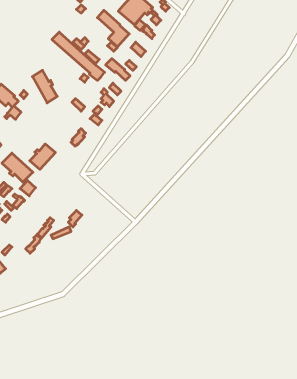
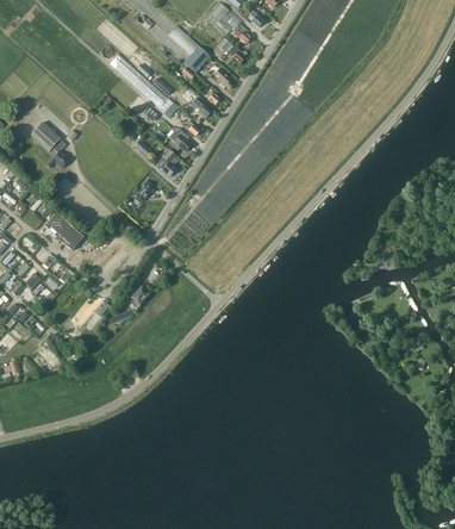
building: [32,70,57,103] -> none
building: [30,144,55,169] -> none

